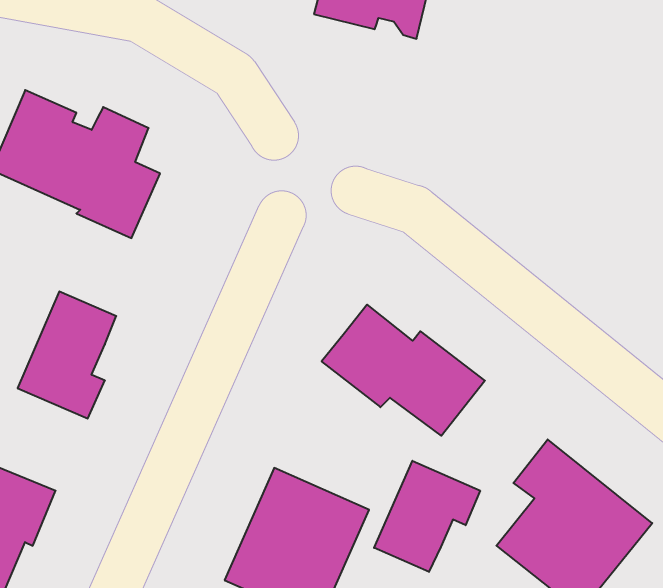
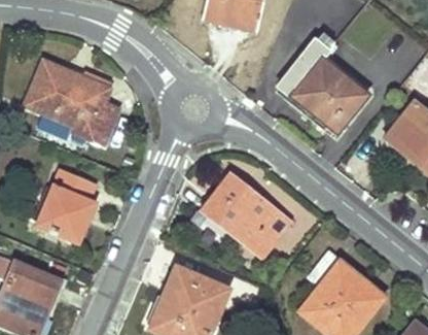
building: none -> [279,33,367,127]
building: [374,461,480,572] -> none

